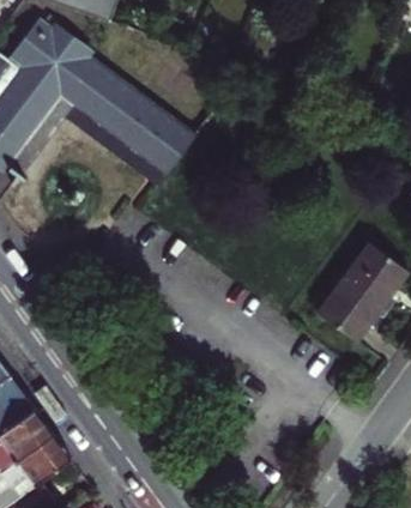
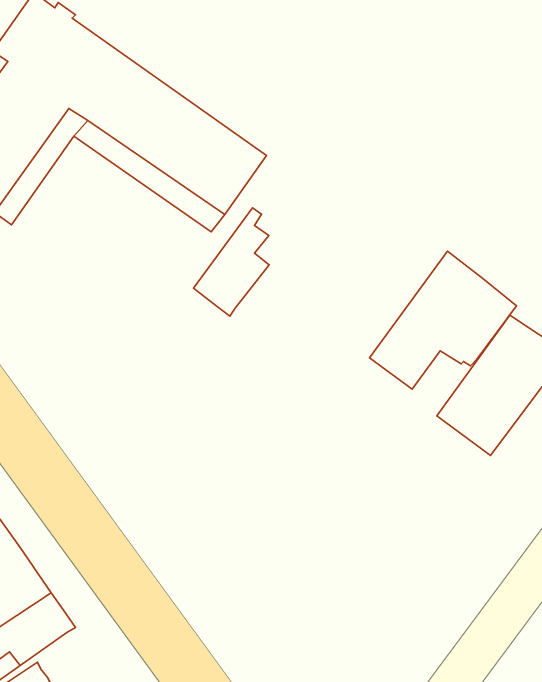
building: none -> [193,208,269,316]
building: none -> [370,251,517,389]

